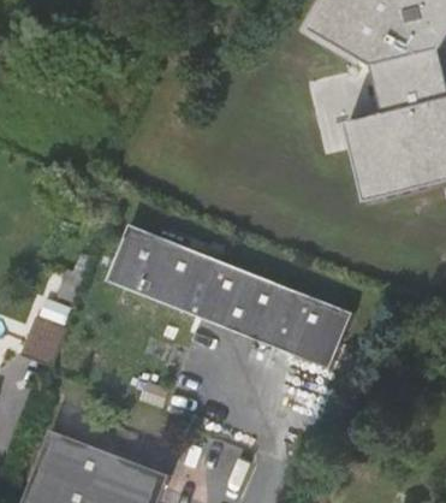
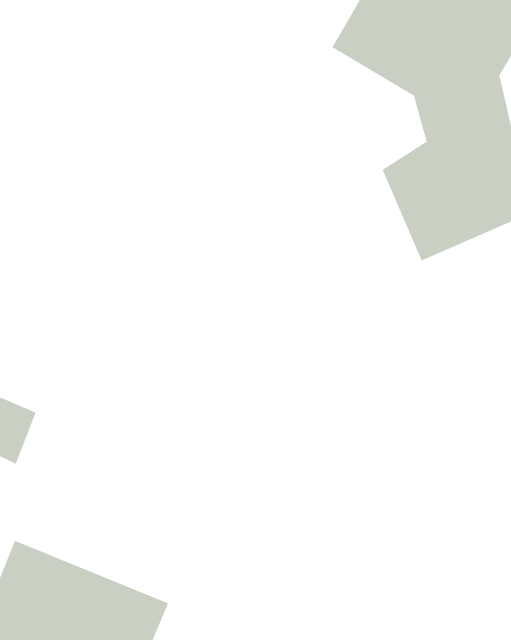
building: [115,221,358,371] -> none

